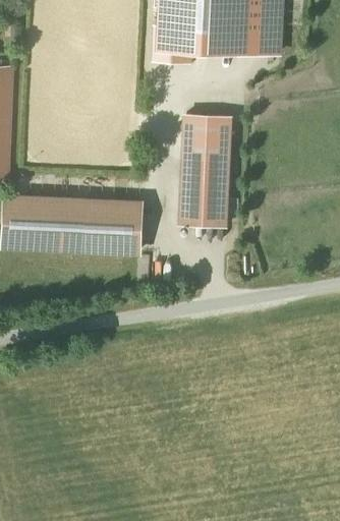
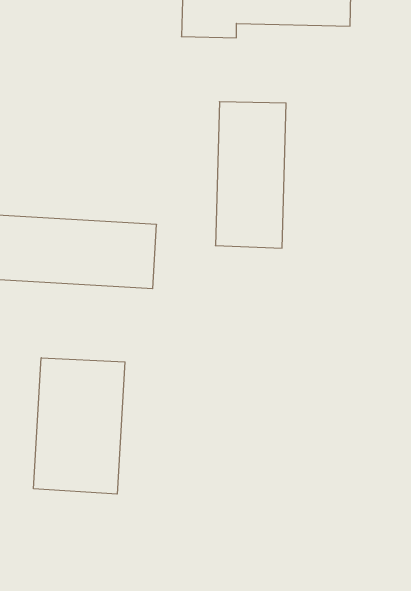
building: none -> [34,358,125,494]

